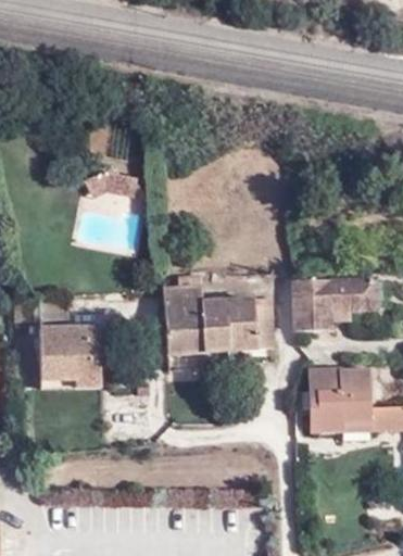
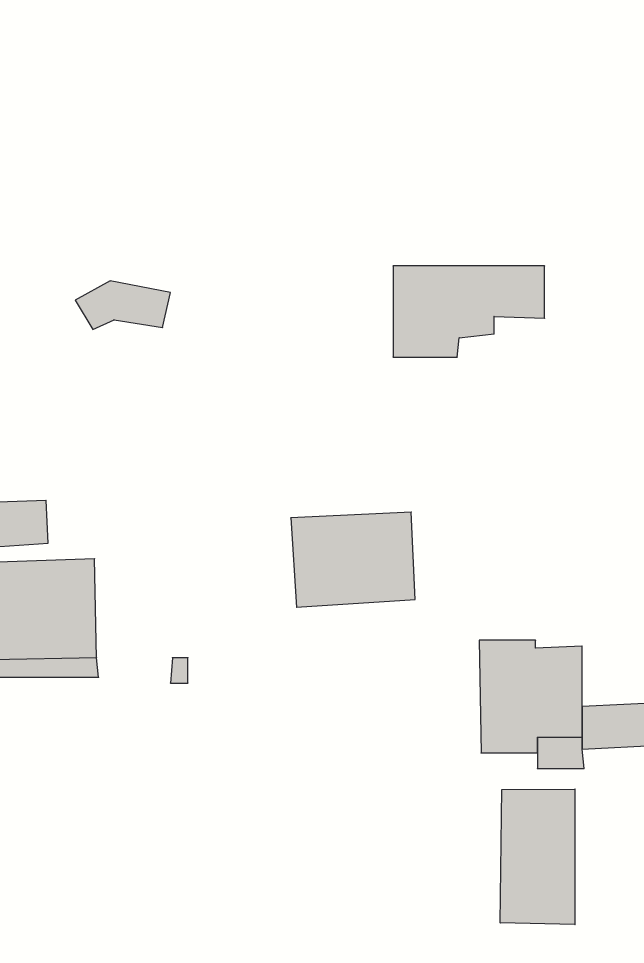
building: [165,277,207,355] -> none
building: [293,281,378,332] -> [393,266,545,357]
building: none -> [500,789,575,925]

